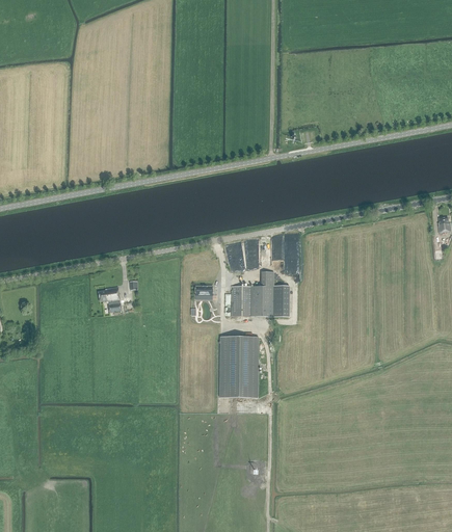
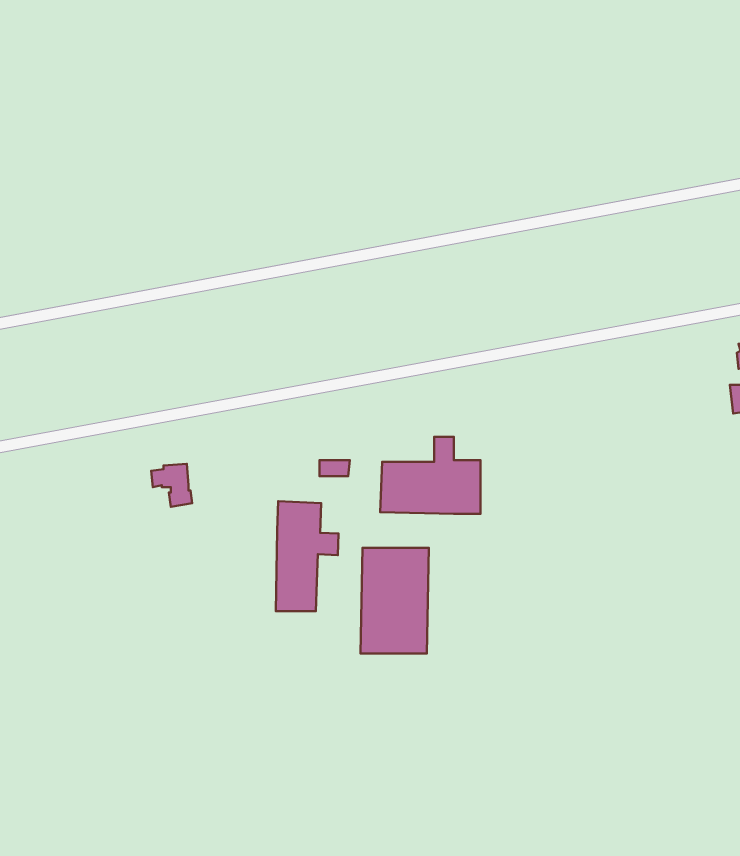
building: none -> [276,501,339,611]

